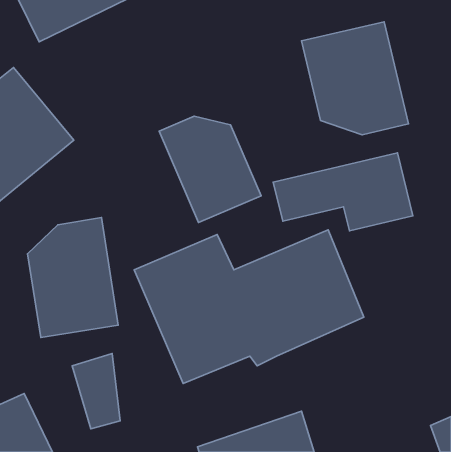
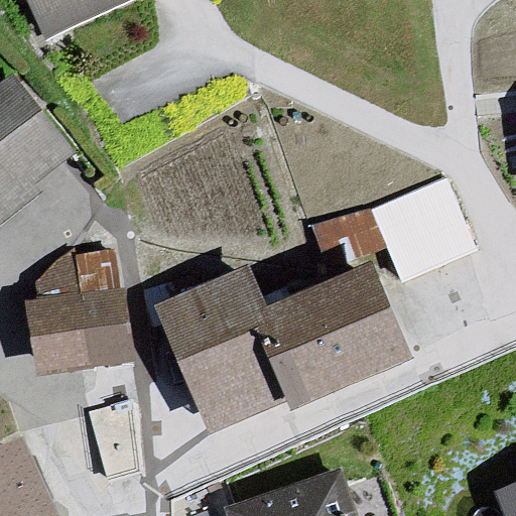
building: [302,22,409,135] -> none
building: [159,116,261,223] -> none

